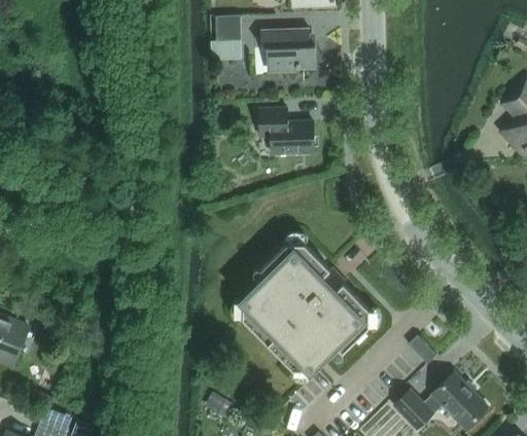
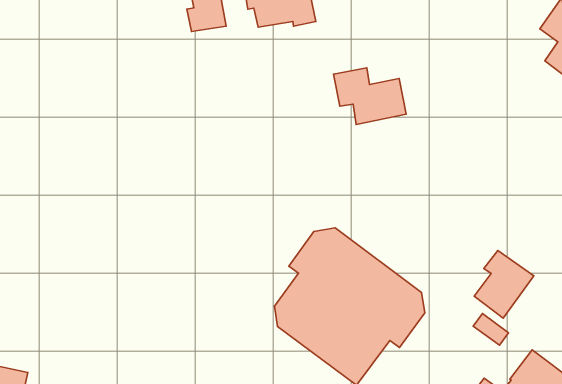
building: [258,109,314,155] -> [334,68,406,125]
building: none -> [474,251,534,318]

